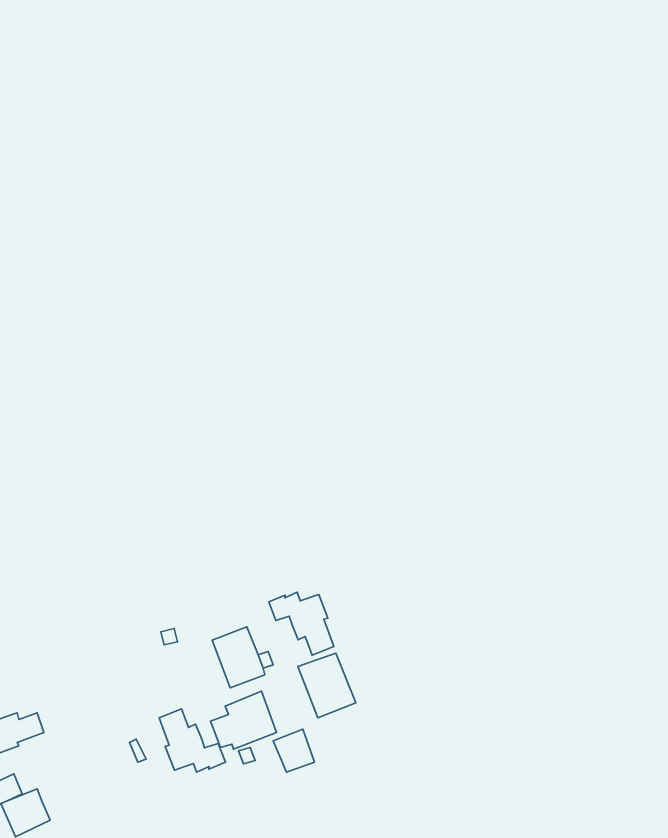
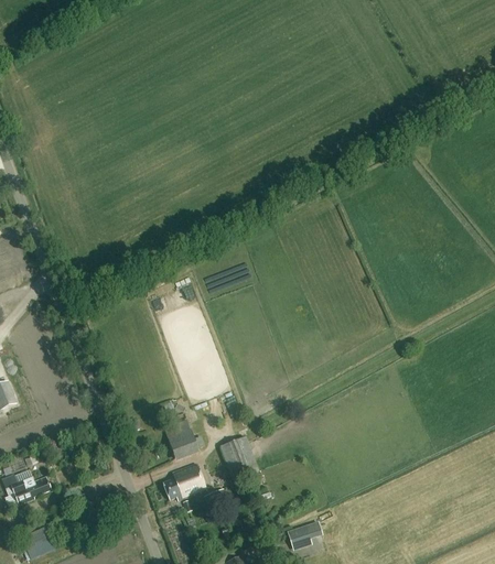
building: [269,592,334,655] -> none
building: [159,709,225,772] -> none
building: none -> [286,520,322,550]

